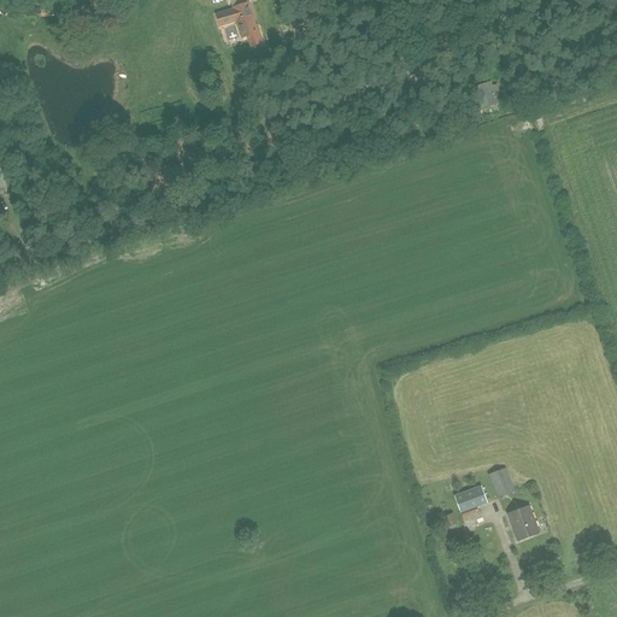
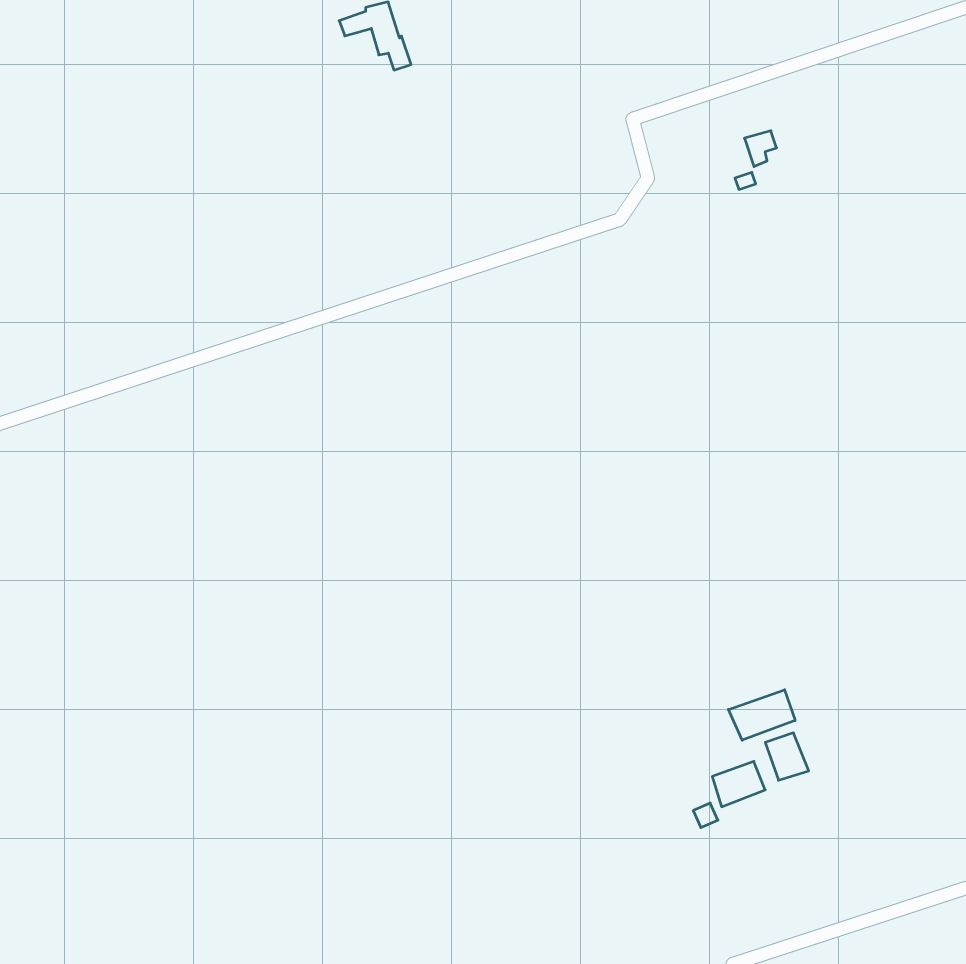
building: none -> [728,690,795,740]
building: [507,504,537,539] -> none

